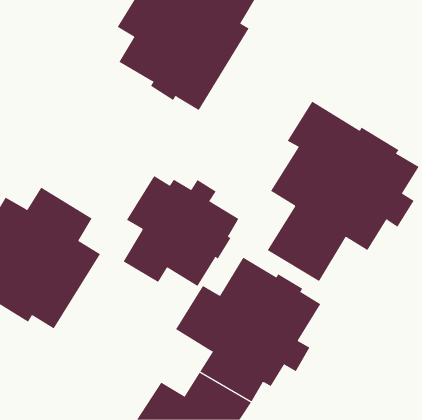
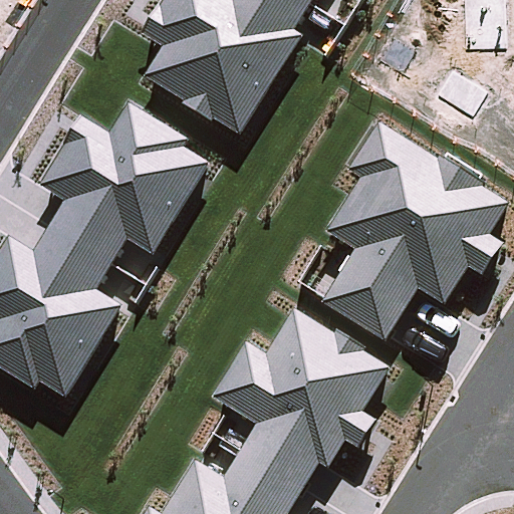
building: none -> [38,102,209,263]
building: [123,175,239,287] -> none

